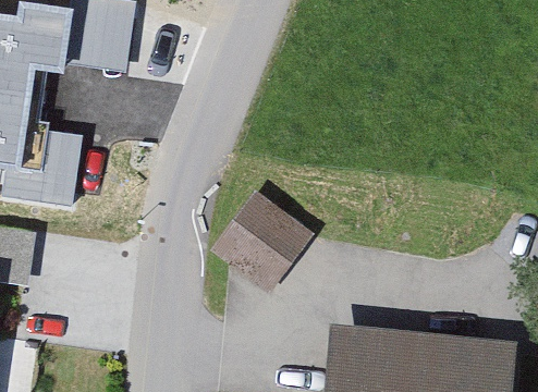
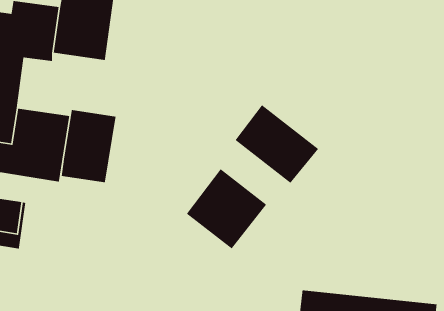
building: none -> [235,104,319,184]
building: none -> [61,109,117,183]

